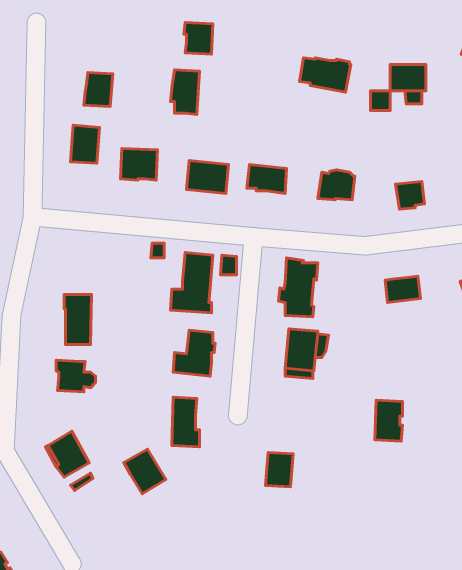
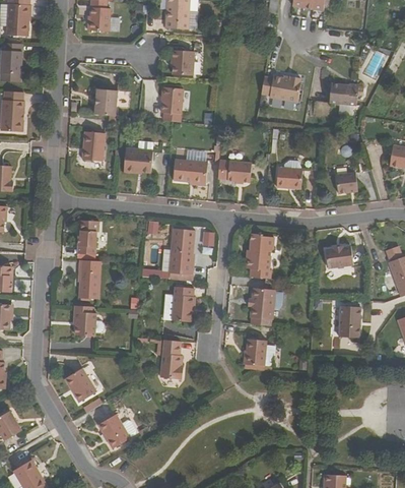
building: none -> [77,220,97,253]
building: [375,400,402,441] -> [340,305,361,337]
building: [124,449,166,494] -> [99,414,132,448]
building: [265,452,293,487] -> [245,338,266,364]

